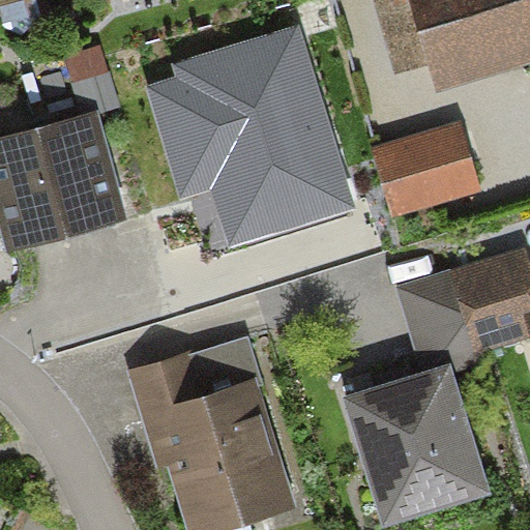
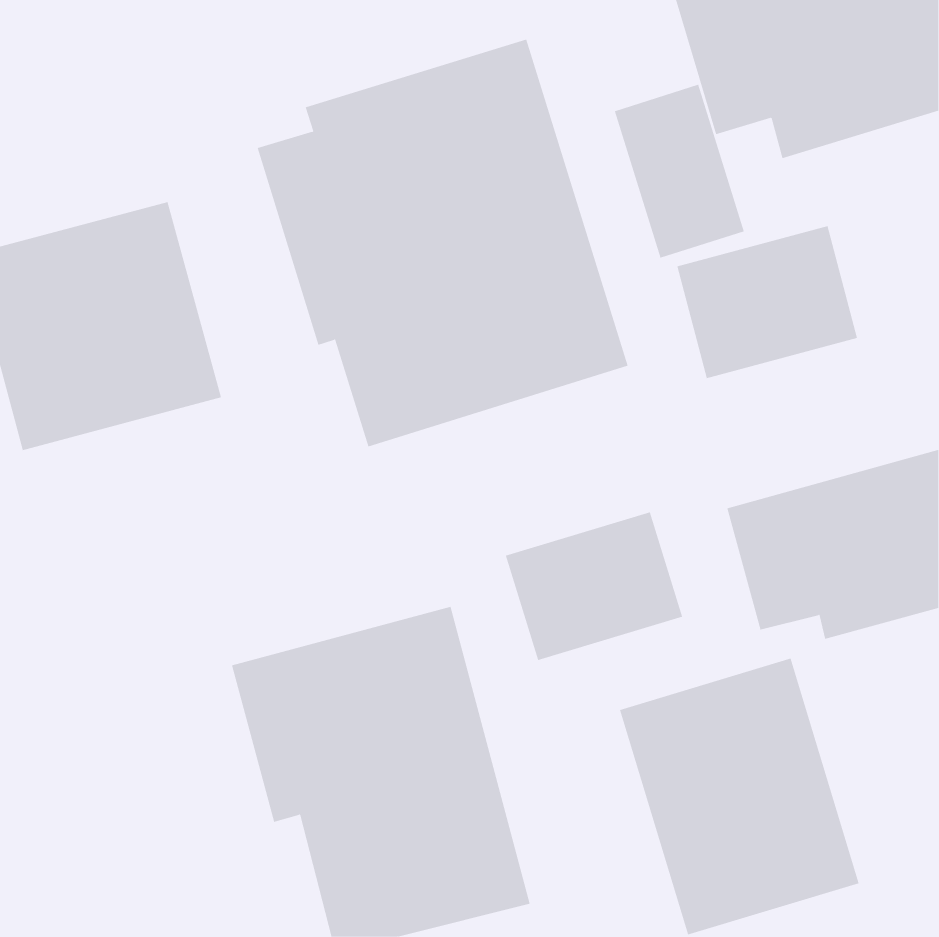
building: none -> [614,84,744,259]
building: none -> [505,511,683,661]

